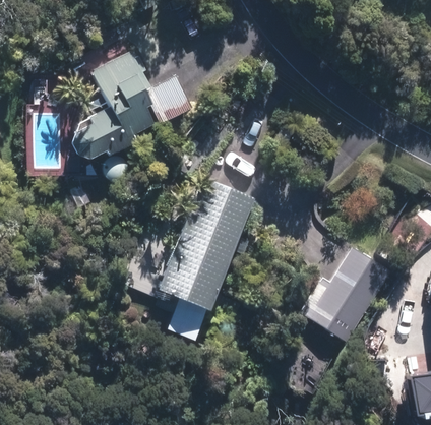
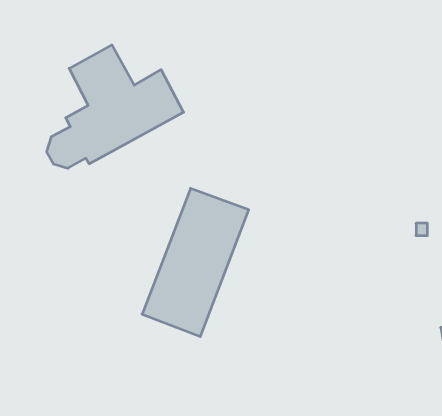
building: [298,245,390,341] -> none

